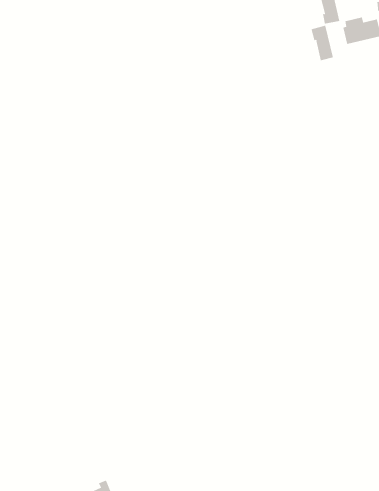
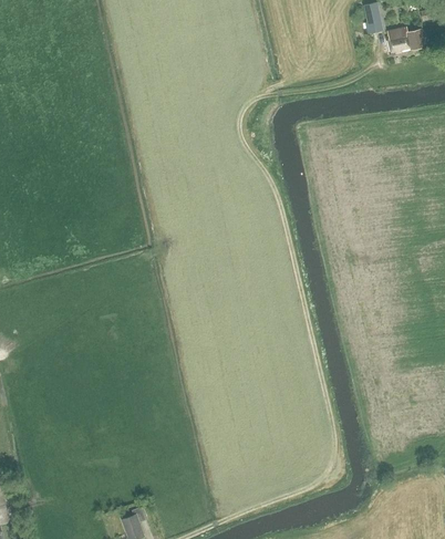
building: [311,25,334,61] -> none

